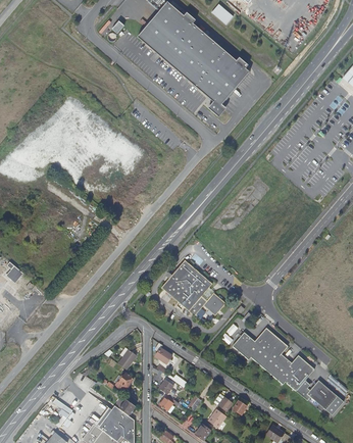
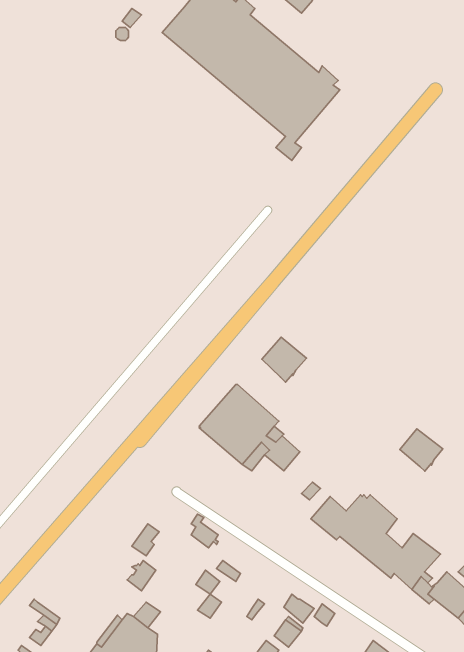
building: none -> [262,337,306,382]
building: none -> [400,429,443,471]

